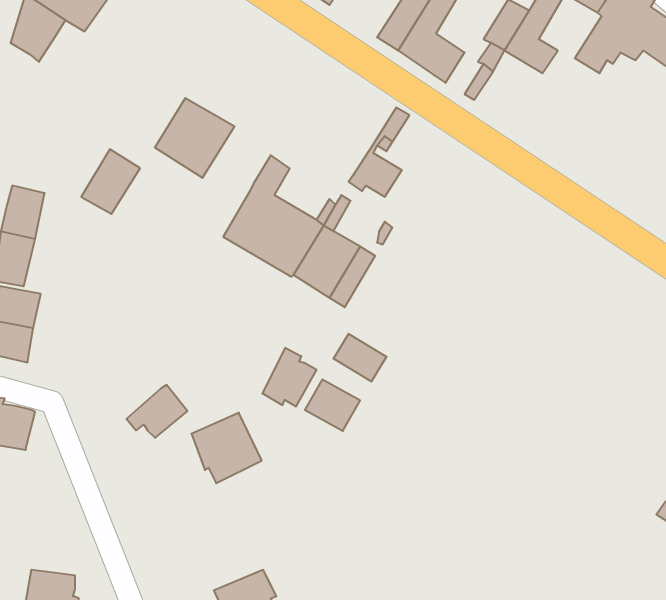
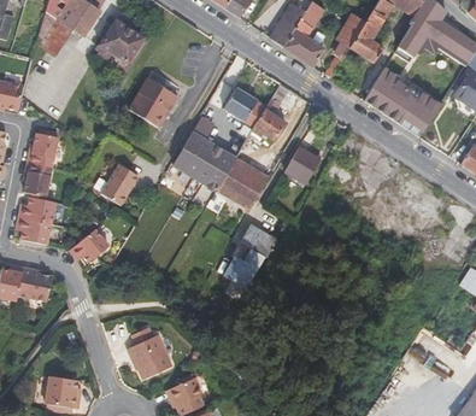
building: none -> [95,20,142,63]
building: none -> [364,66,441,136]
building: none -> [224,88,266,127]
building: [81,149,140,214] -> [100,163,137,204]
building: none -> [284,147,319,183]
building: [262,348,316,407] -> none
building: [127,385,187,438] -> [70,228,108,262]
building: [191,413,262,483] -> [128,334,172,379]

